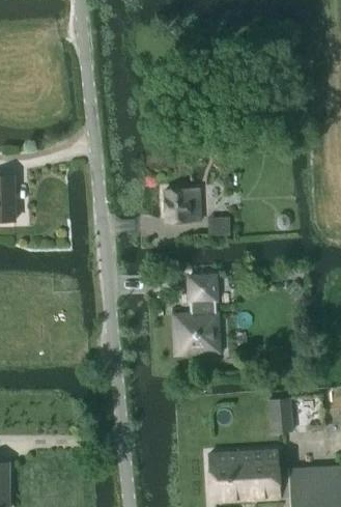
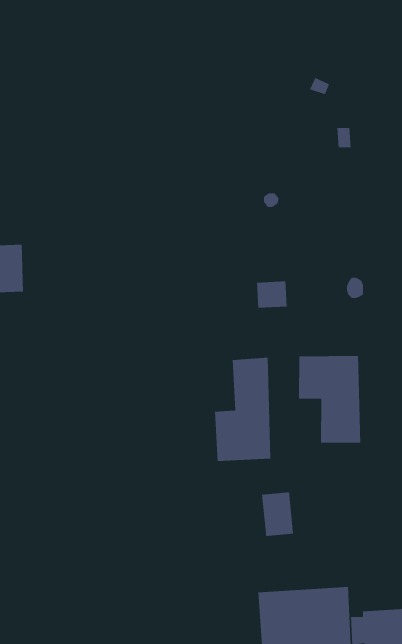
building: [164,187,202,221] -> none
building: none -> [298,355,361,444]
building: [268,396,293,430] -> [261,492,294,537]

